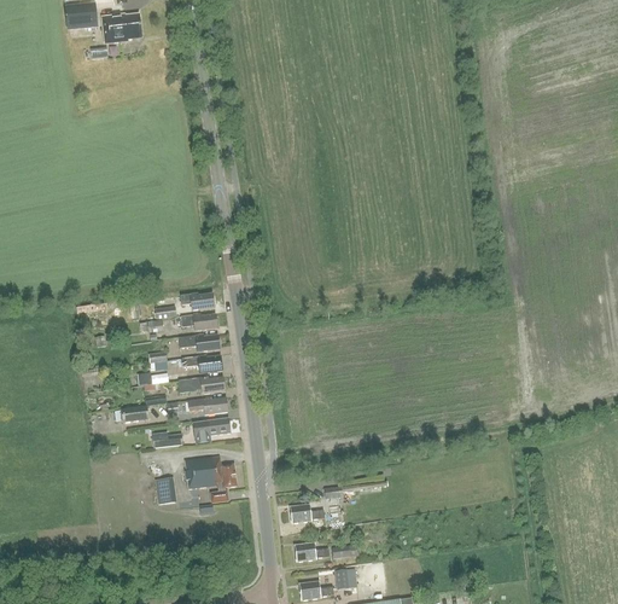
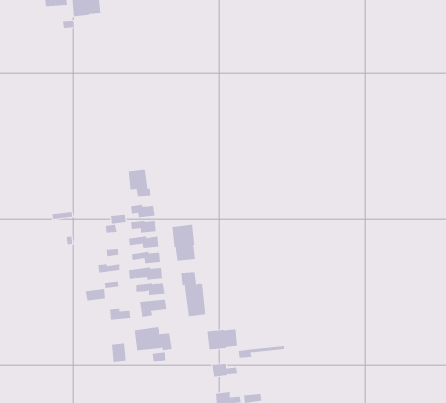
building: none -> [128,169,151,197]
building: none -> [172,224,196,262]
building: none -> [181,272,206,317]
building: none -> [207,329,238,350]

